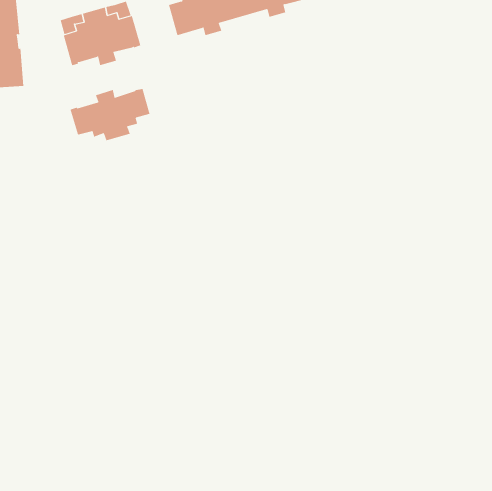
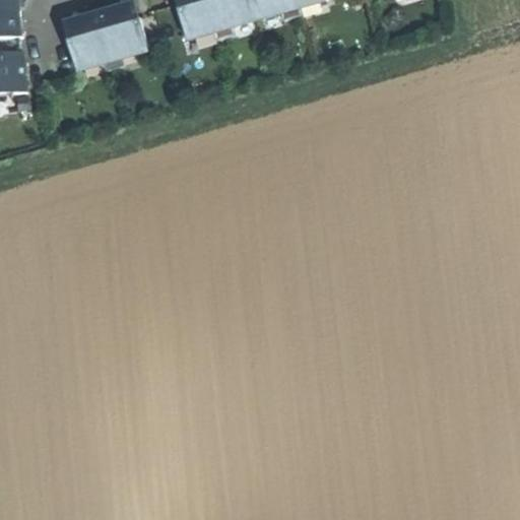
building: [70,88,150,141] -> none

